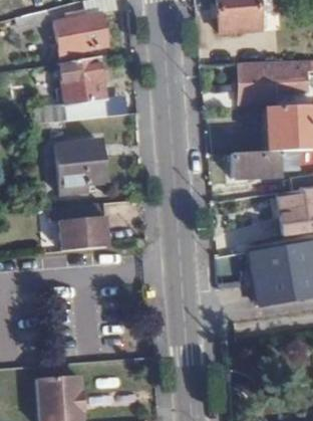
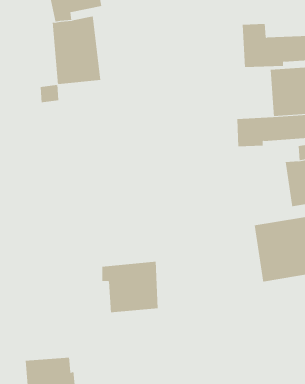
building: [54,142,102,192] -> none
building: [53,203,106,251] -> [102,261,159,313]

